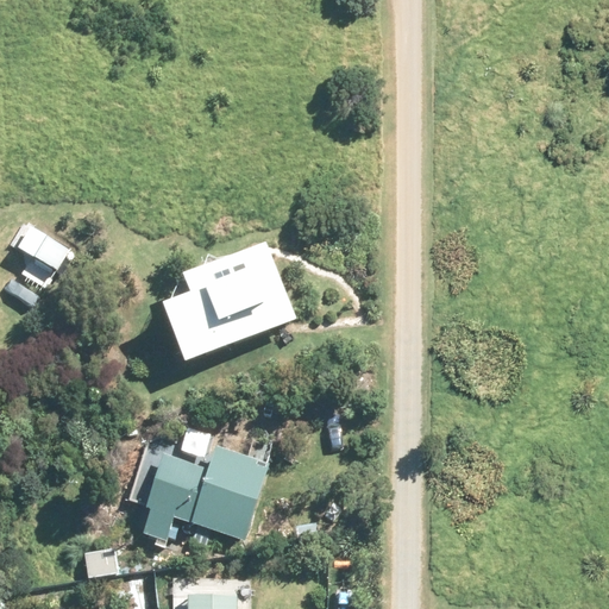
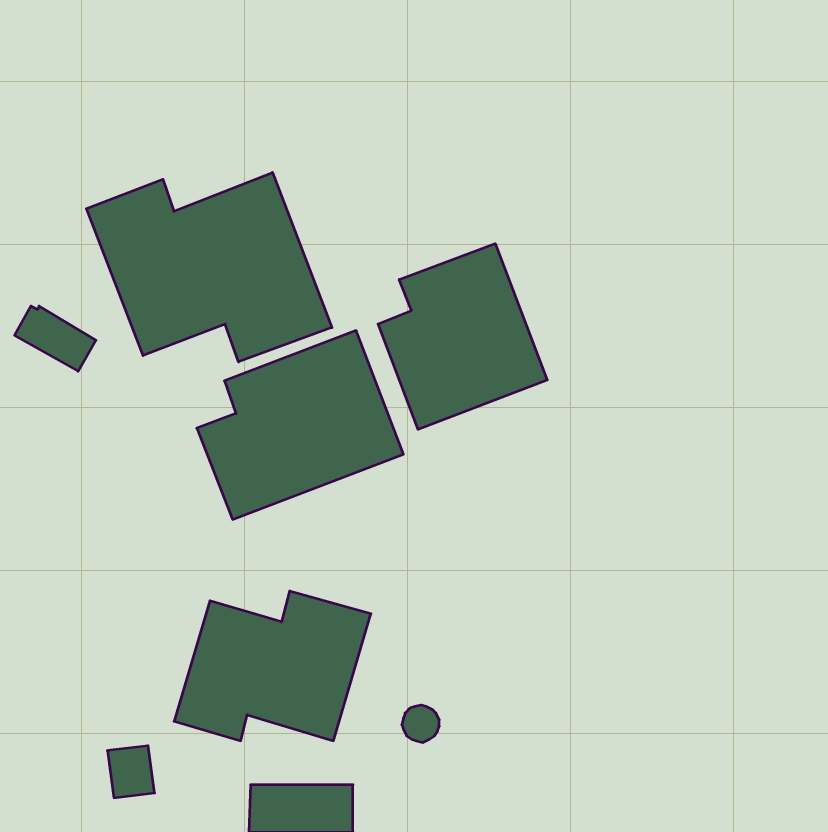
building: none -> [86,172,332,362]
building: none -> [378,244,547,429]

